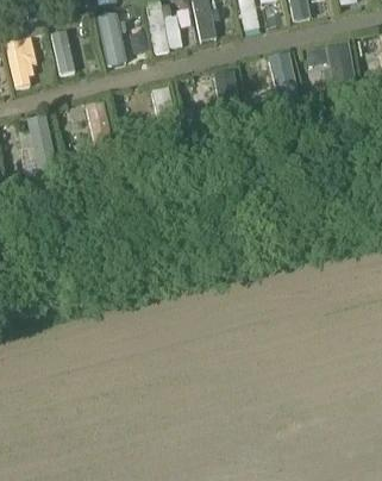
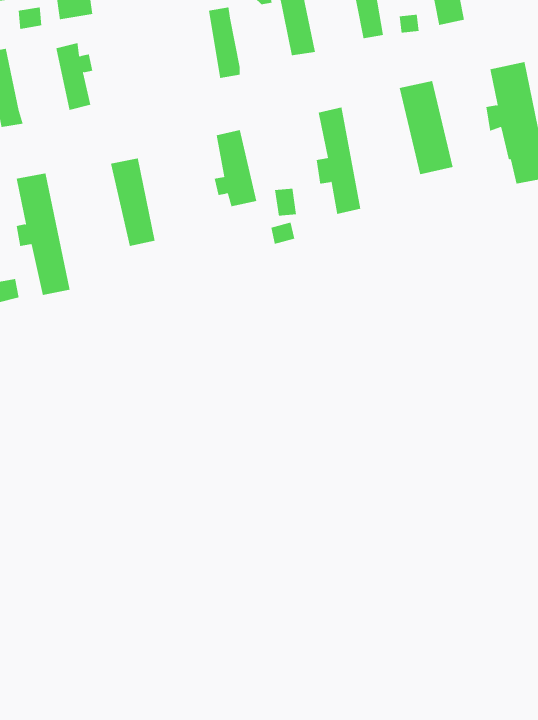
building: [98,14,126,67] -> none

